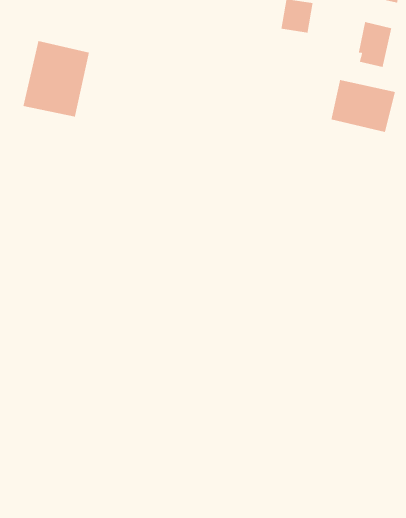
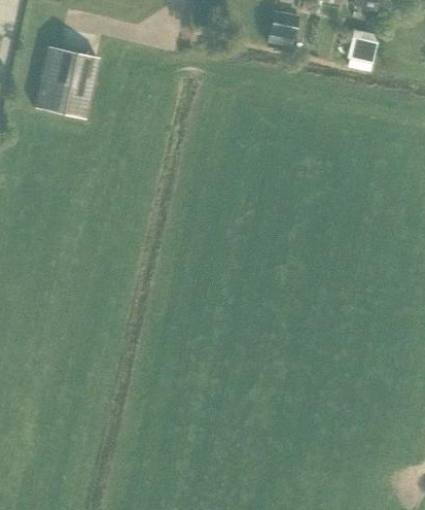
building: [331,79,396,133] -> none

